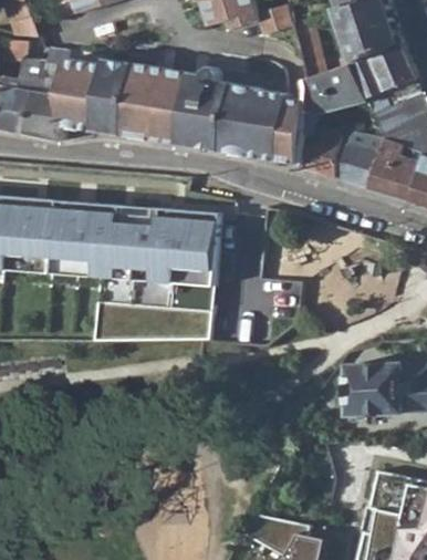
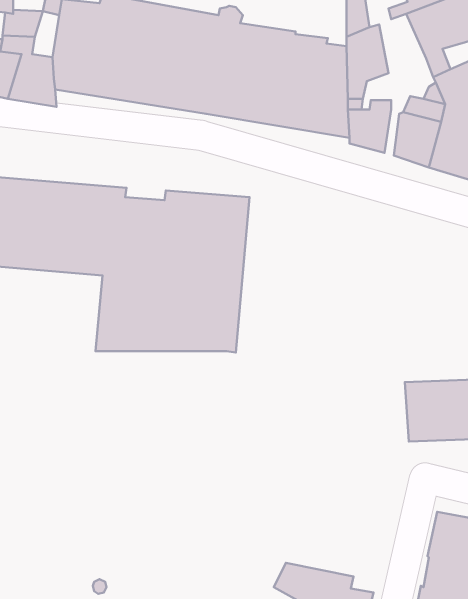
building: [326,63,365,112] -> none

